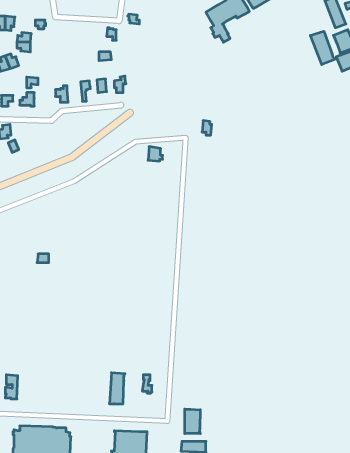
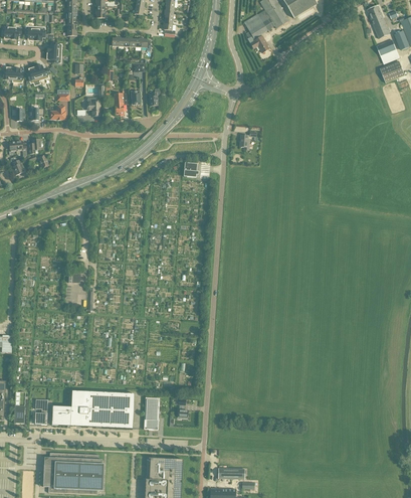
building: [310,31,335,65] -> none
building: none -> [51,389,134,428]
building: [185,409,200,434] -> none

